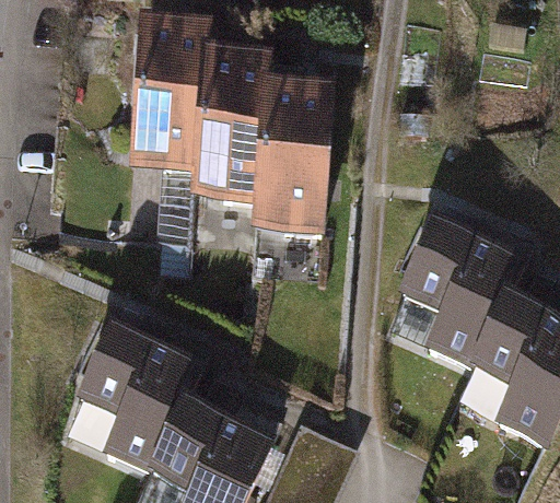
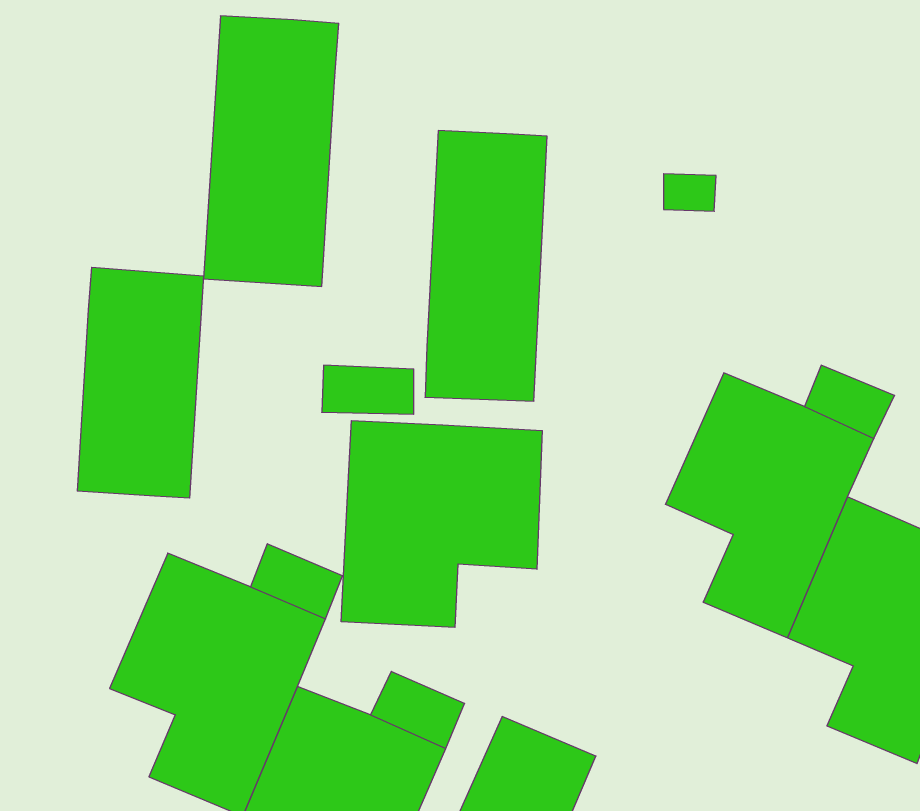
building: [198,47,269,204] -> none
building: none -> [77,267,204,498]
building: none -> [341,421,542,627]

